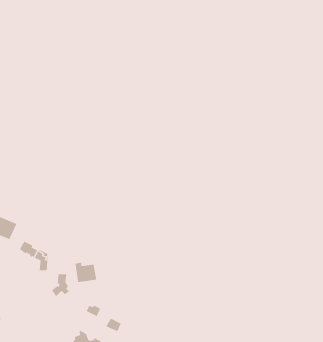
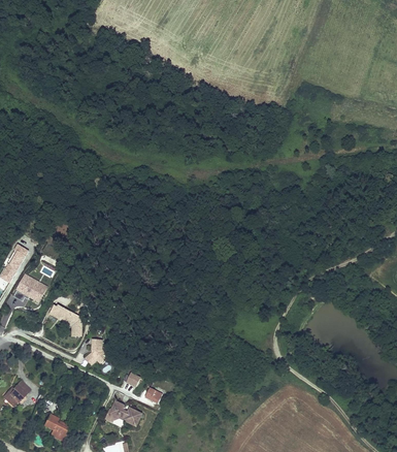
building: [75,262,97,283] -> none

